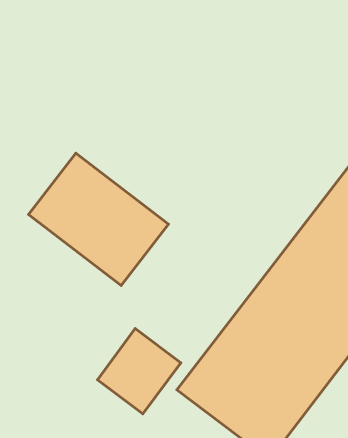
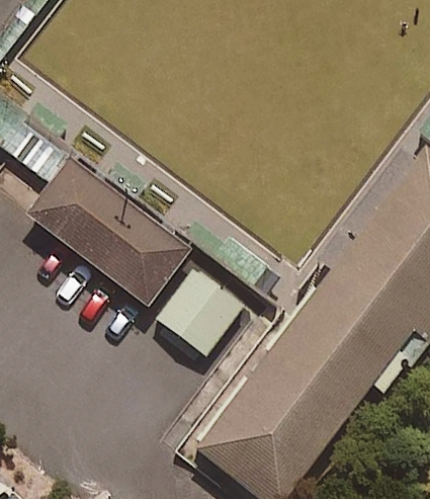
building: [97,329,181,414] -> [147,268,236,359]

